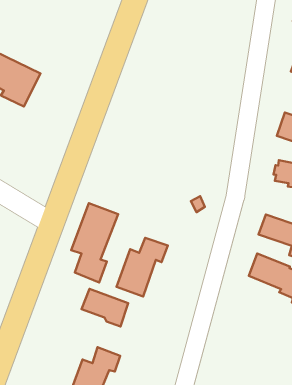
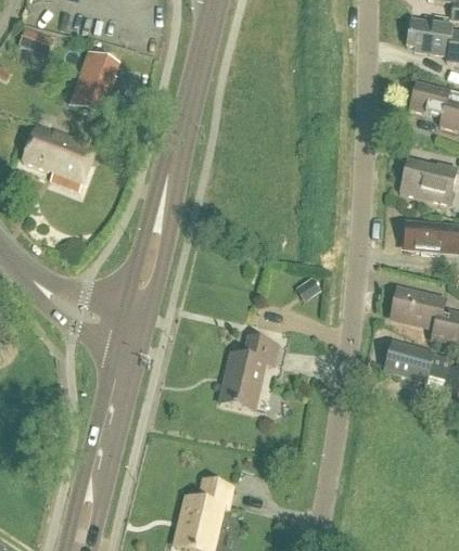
building: none -> [71,63,113,112]
building: [71,203,118,282] -> none
building: [82,289,128,326] -> none

